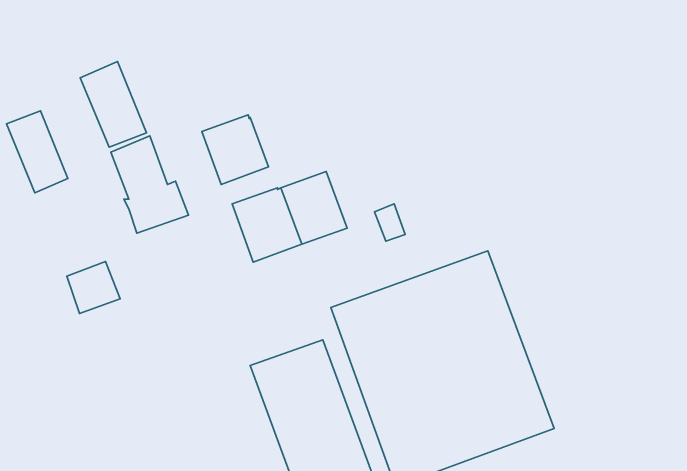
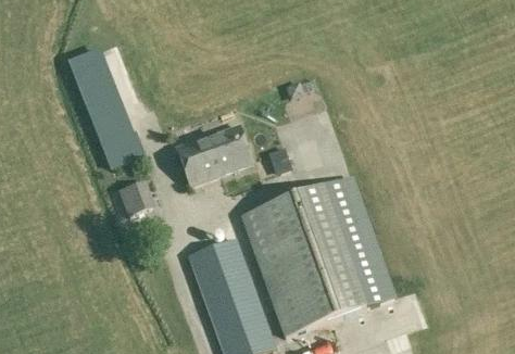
building: [7,111,68,193] -> none
building: [202,115,268,184] -> none
building: [67,262,120,313] -> [117,179,153,214]

